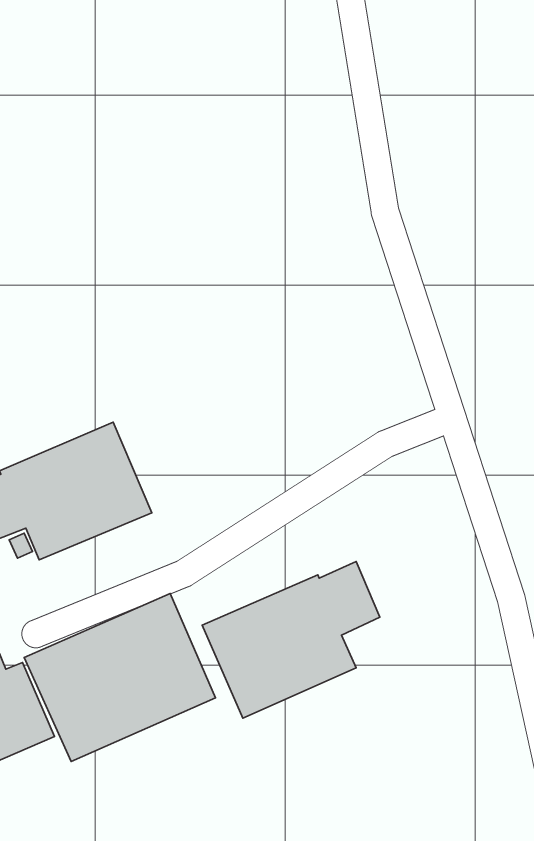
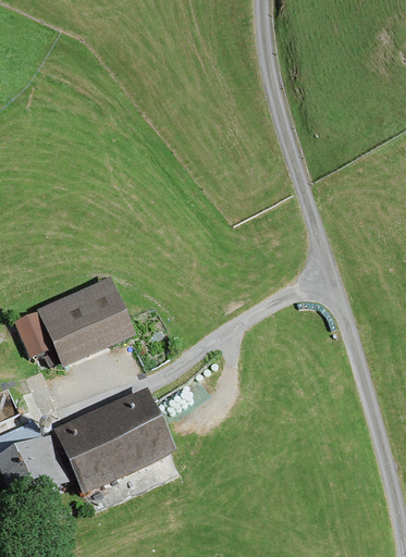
building: [202,562,380,718] -> none

